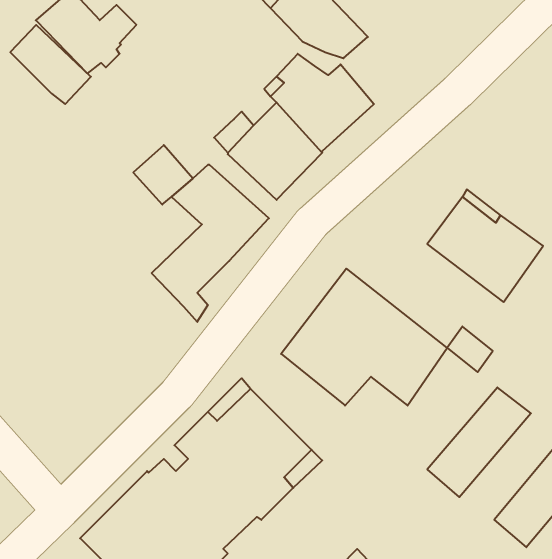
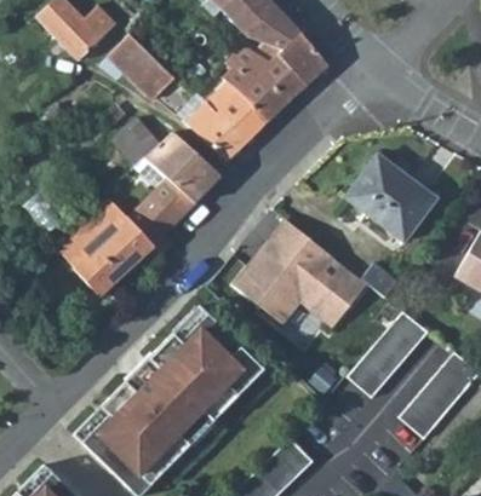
building: [10,25,91,104] -> [109,38,173,100]
building: none -> [257,33,328,86]
building: none -> [58,201,153,298]

